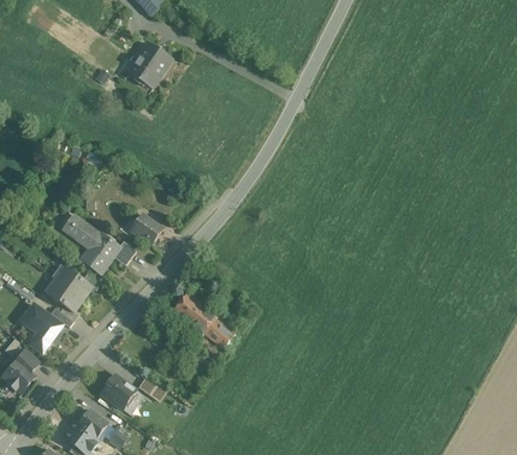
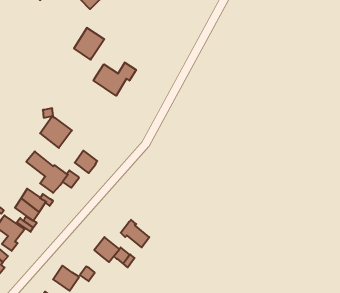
building: none -> [93,62,136,96]
building: none -> [40,116,72,148]
building: [173,293,208,328] -> [94,237,119,262]

